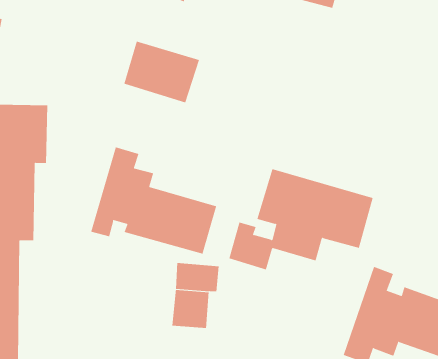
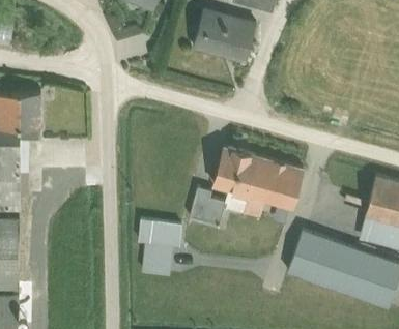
building: [123,41,200,103] -> [192,11,254,62]
building: [90,147,217,255] -> none

